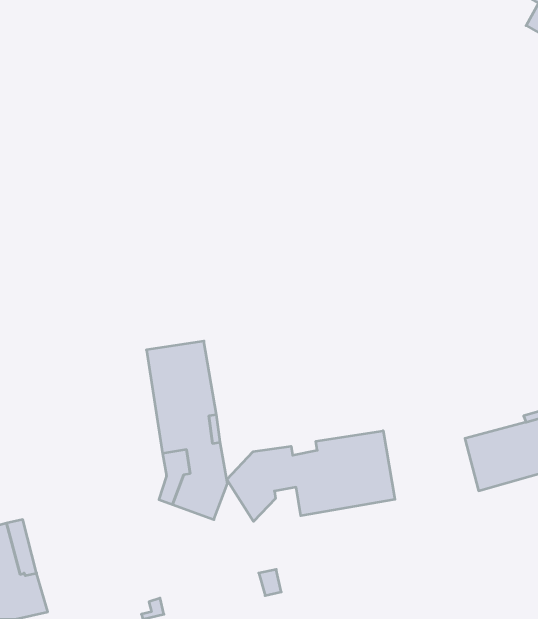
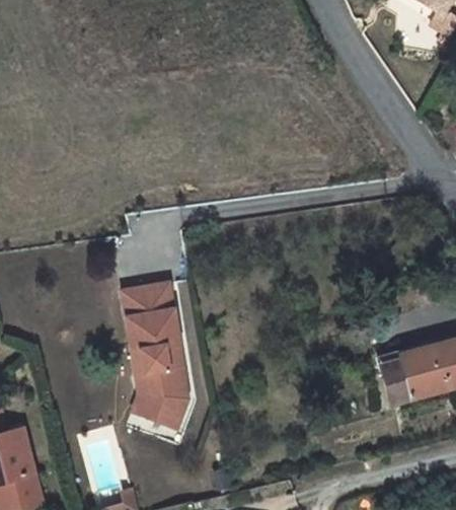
building: [227,431,395,521] -> none

